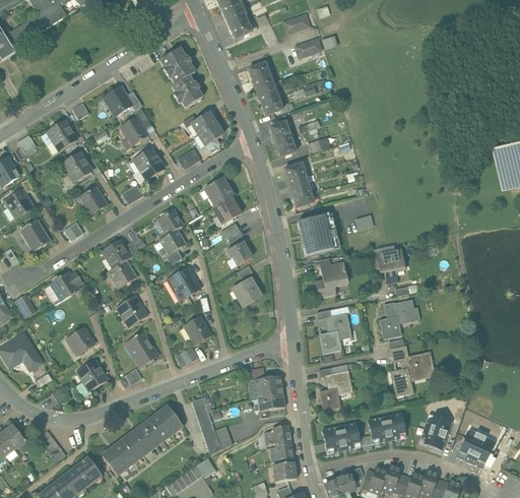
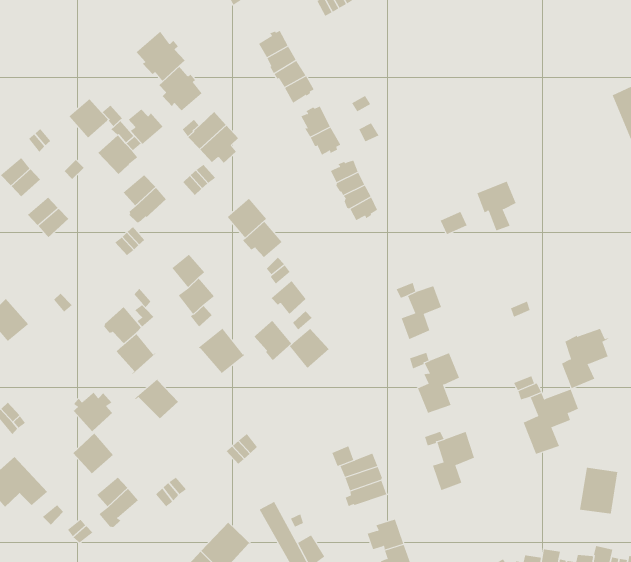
building: none -> [128,108,164,145]
building: [77,186,108,215] -> none
building: [299,212,337,256] -> none
building: [377,249,404,284] -> [476,181,517,231]
building: [49,271,80,302] -> [70,391,114,435]
building: [379,300,417,339] -> [561,328,611,389]
building: [184,315,211,345] -> [253,320,292,361]
building: [124,331,159,368] -> none
building: [368,413,405,442] -> none
building: [322,422,360,451] -> none

